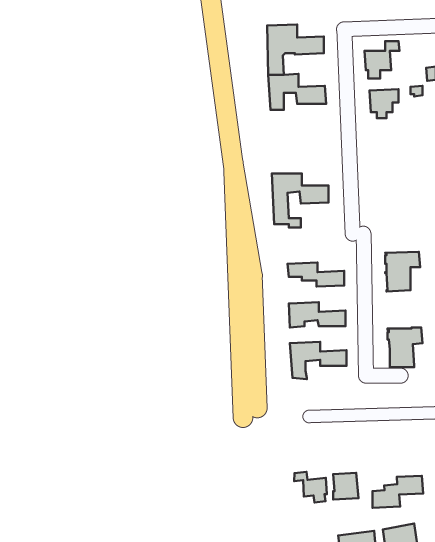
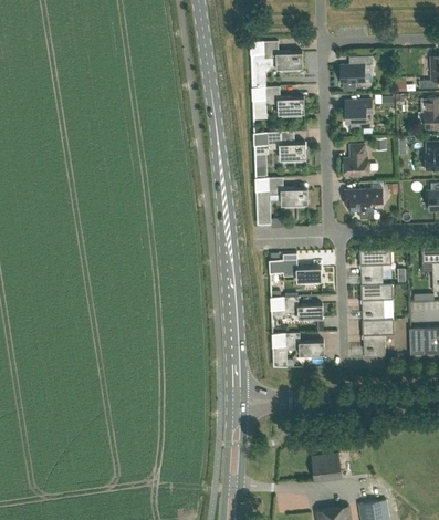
building: none -> [254,131,306,158]
building: none -> [344,144,369,175]
building: none -> [345,188,378,218]
building: none -> [360,283,393,320]
building: [294,472,327,502] -> none
building: [372,476,423,508] -> none

